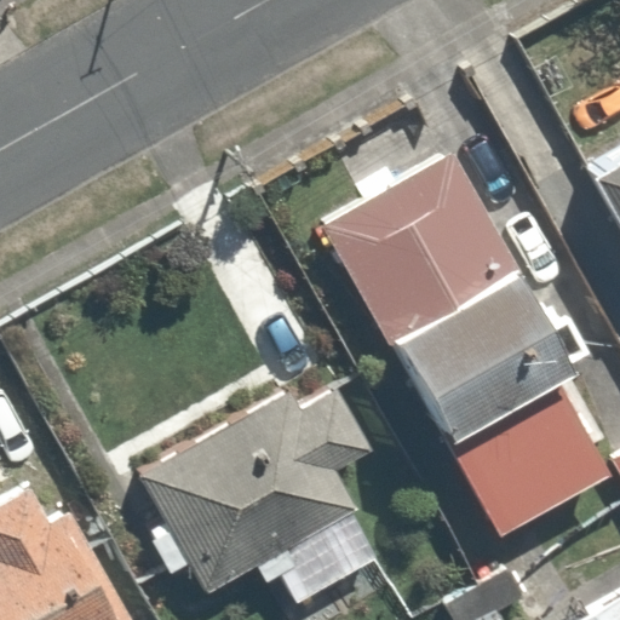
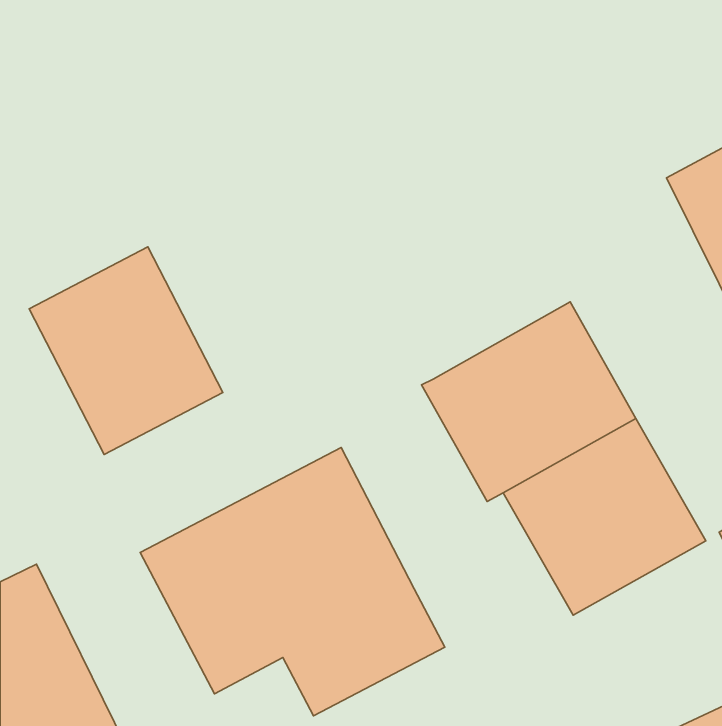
building: [317,148,510,331] -> none
building: none -> [29,247,223,455]

